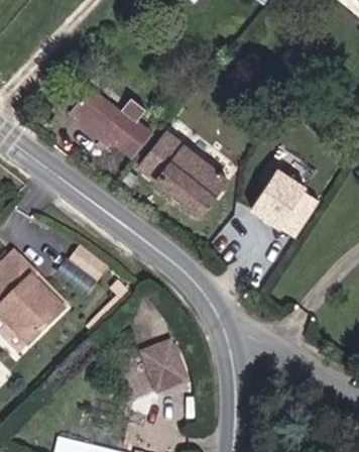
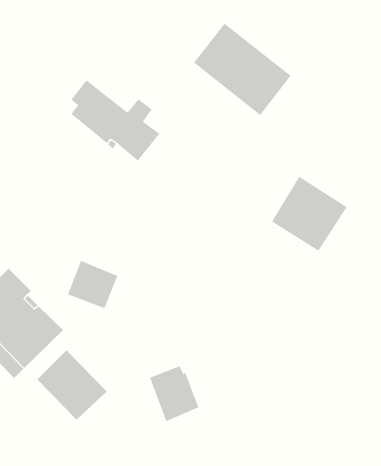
building: [137,130,227,215] -> [193,23,292,116]
building: none -> [36,349,108,421]

